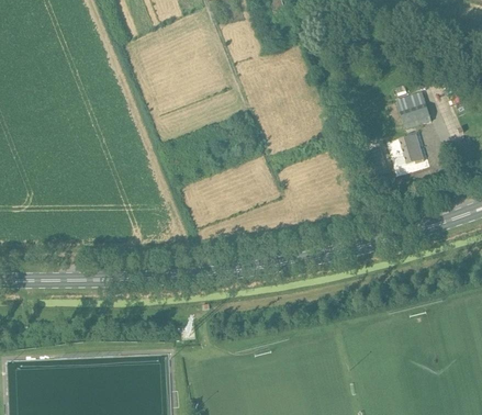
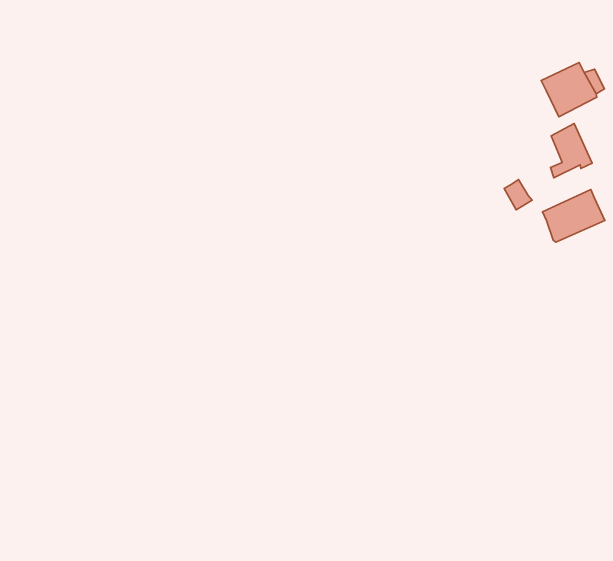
building: none -> [543,189,605,242]

